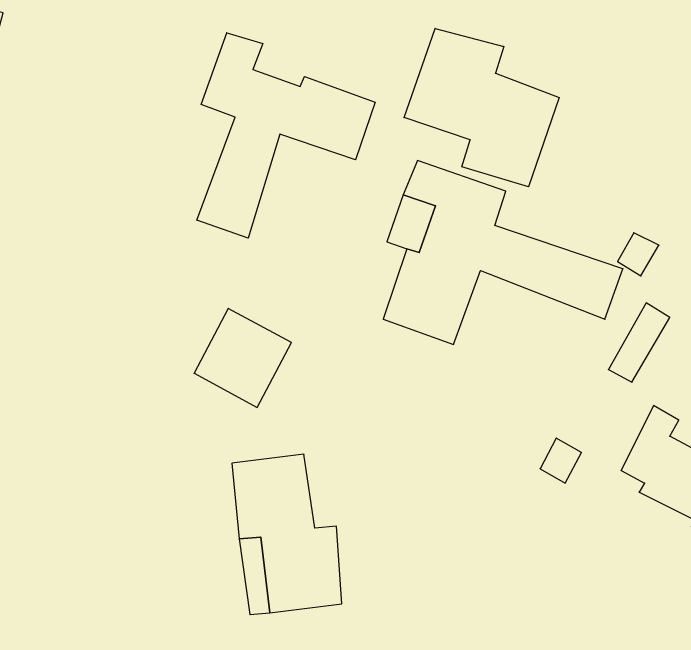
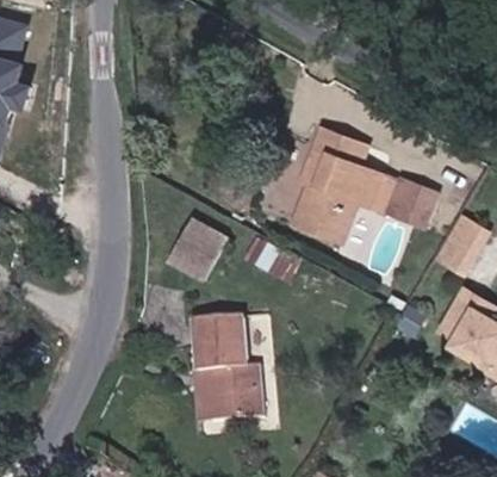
building: [404,28,559,187] -> none
building: [197,33,375,238] -> none

